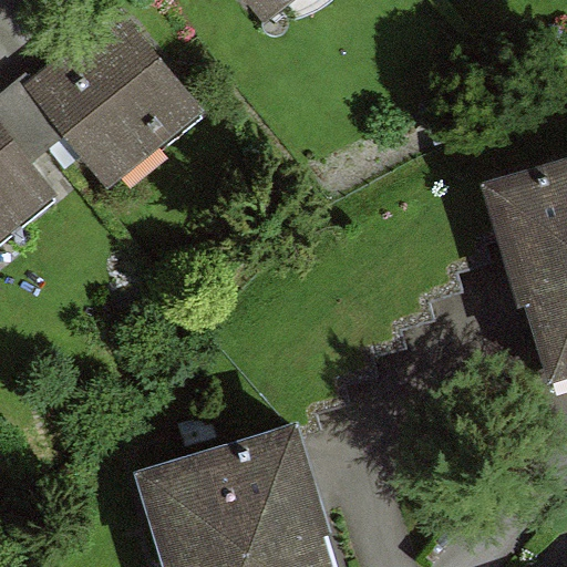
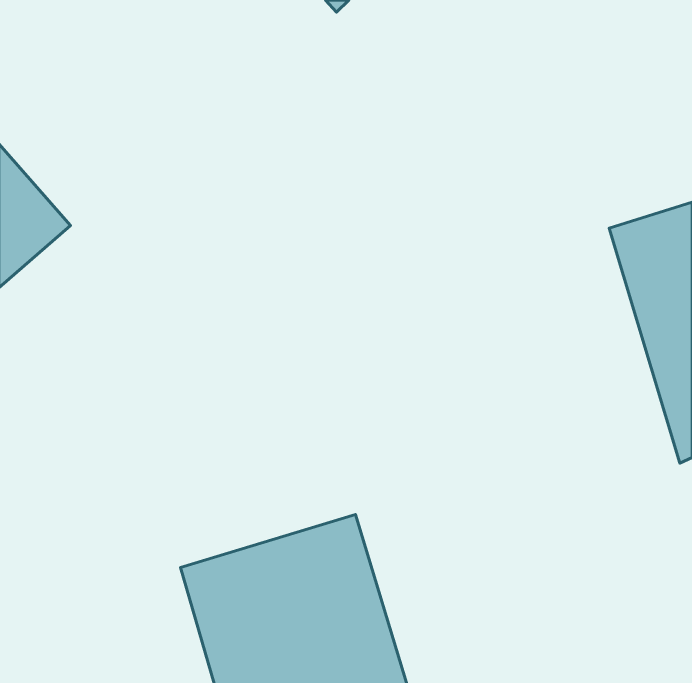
building: [32,13,203,184] -> none

